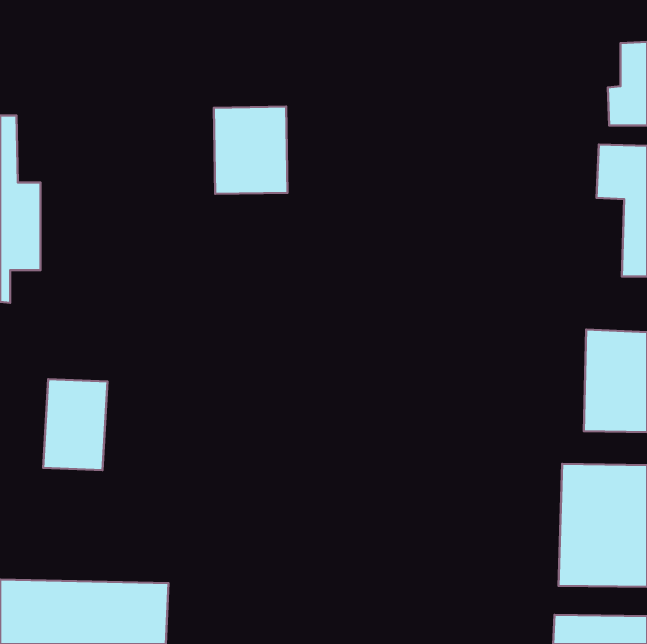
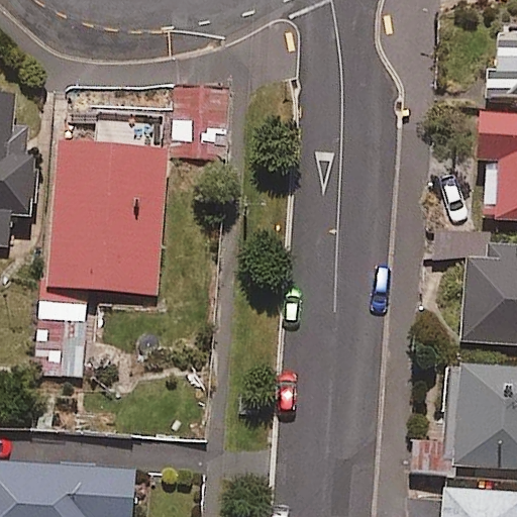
building: none -> [46,142,168,293]

